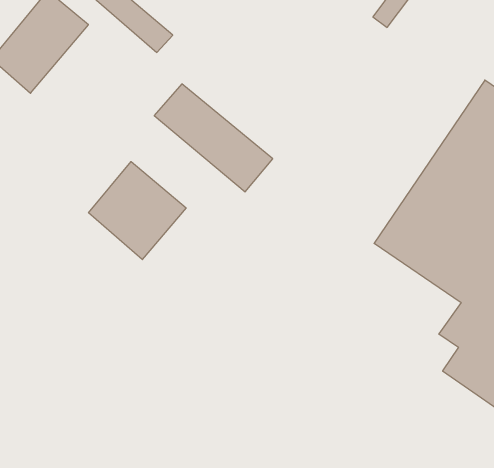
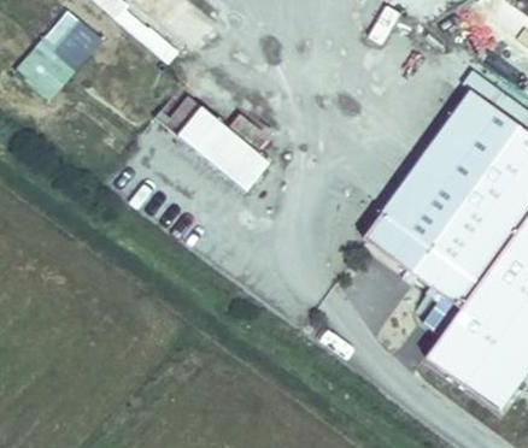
building: [89,162,186,260] -> none

